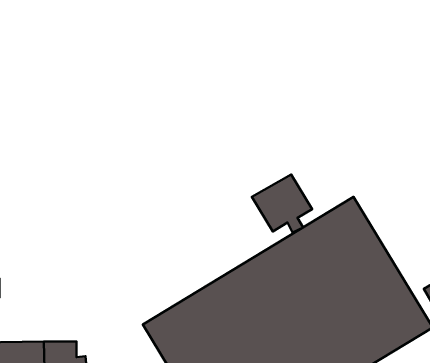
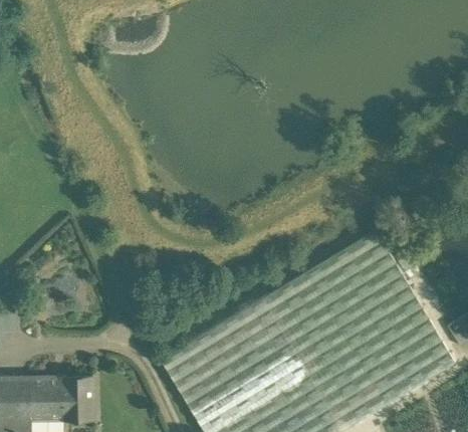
building: [252,174,312,233] -> none

